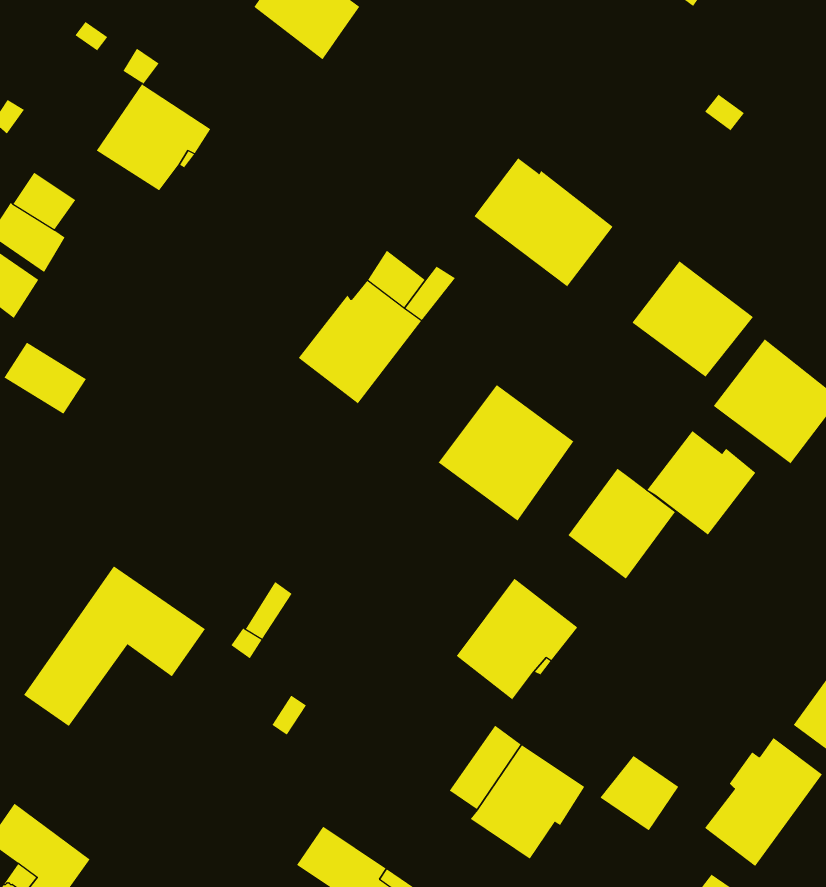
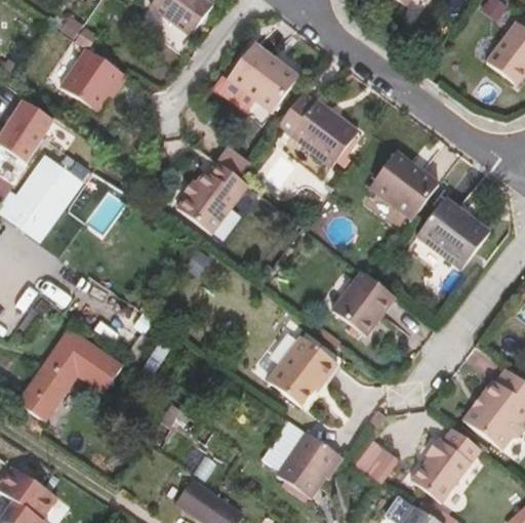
building: none -> [217,42,299,113]
building: none -> [19,155,82,220]
building: [438,384,574,521] -> none
building: [647,430,756,536] -> none

